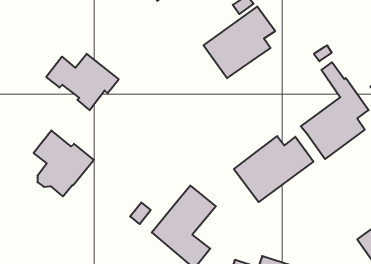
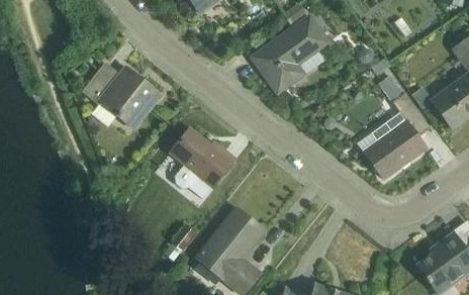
building: [34,130,94,196] -> [170,127,234,198]
building: [234,136,313,202] -> none

